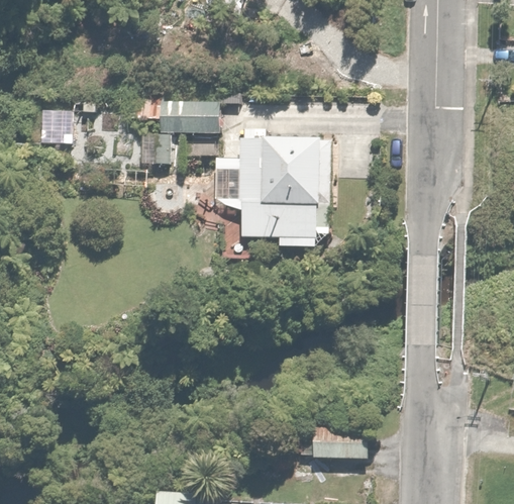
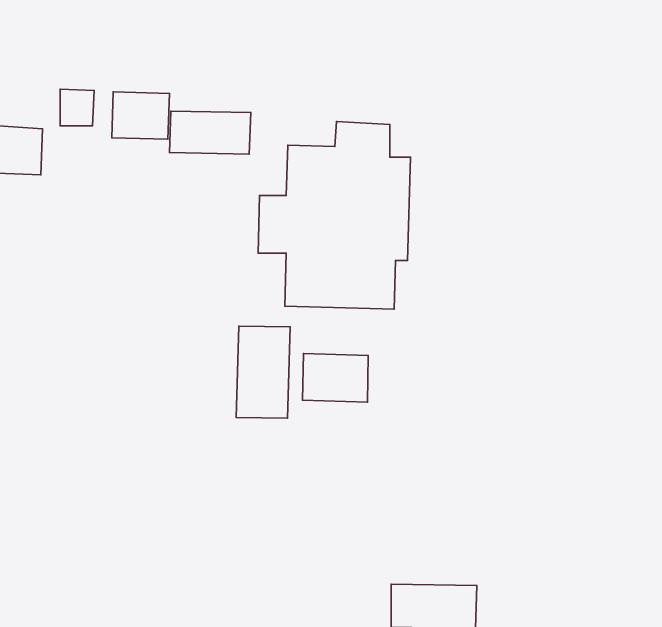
building: none -> [236,326,290,418]
building: none -> [303,354,368,402]

